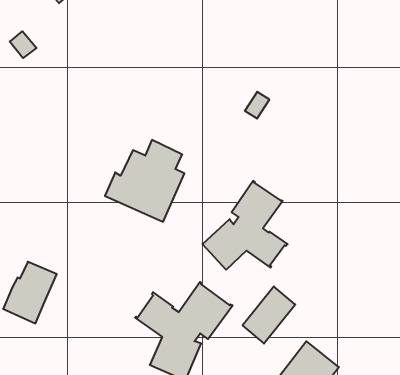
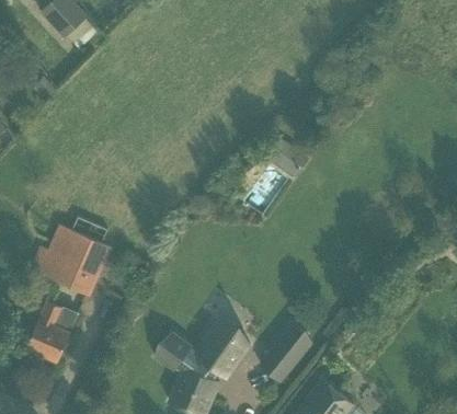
building: [105,140,184,222] -> [32,215,110,295]
building: [202,181,288,270] -> none

